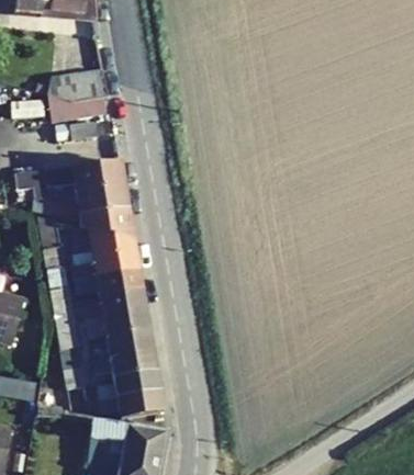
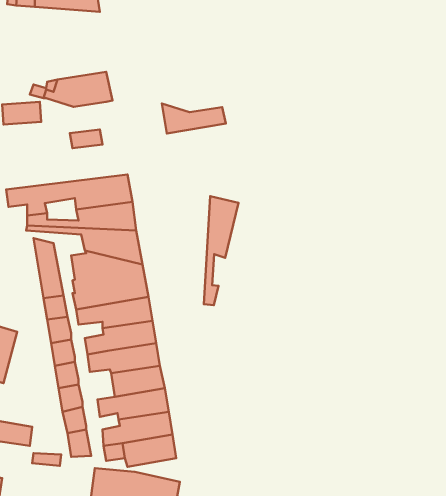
building: [51,94,107,121] -> [162,103,226,133]
building: none -> [204,196,238,305]

